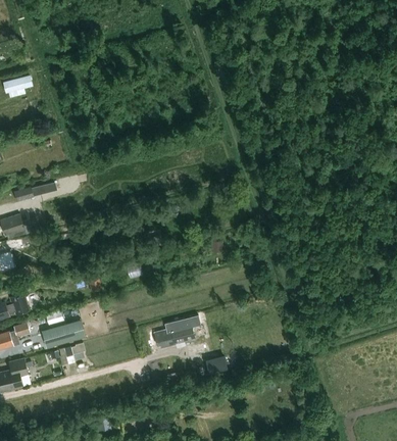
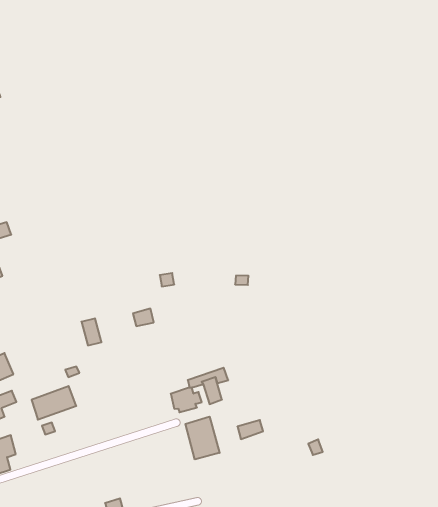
building: none -> [185,417,220,459]

